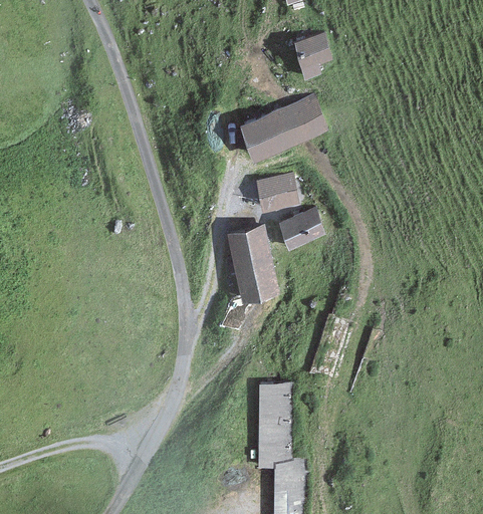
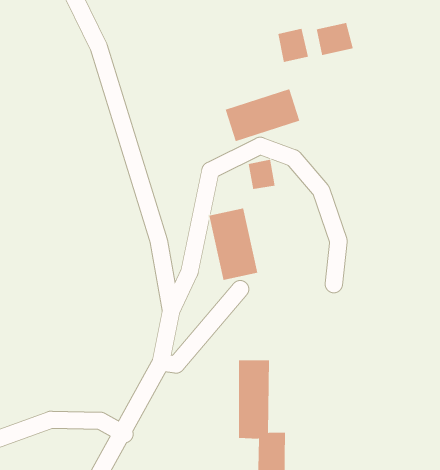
building: none -> [316,22,353,56]
building: [281,209,323,244] -> none

